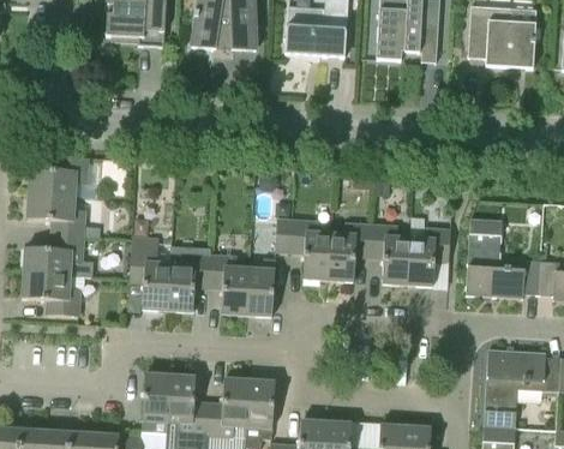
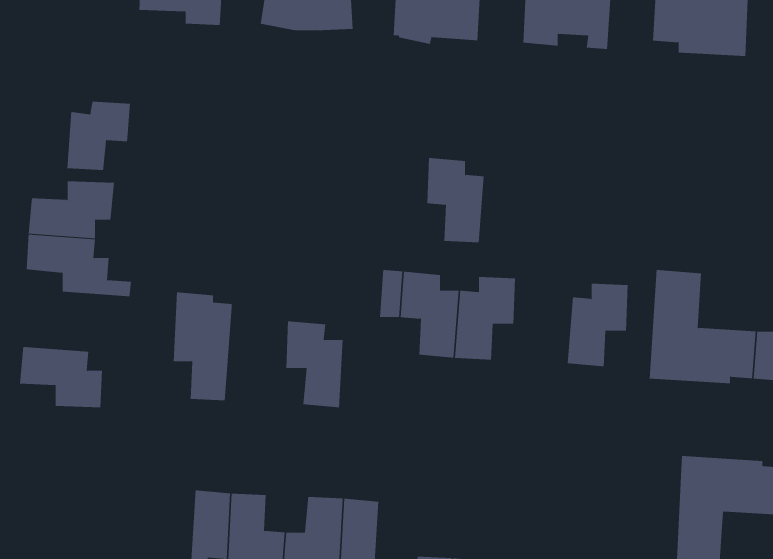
building: none -> [67,101,131,171]
building: [370,223,410,283] -> [426,158,484,243]
building: [24,233,84,275] -> none
building: [167,244,210,311] -> none
building: [247,257,276,316] -> none

